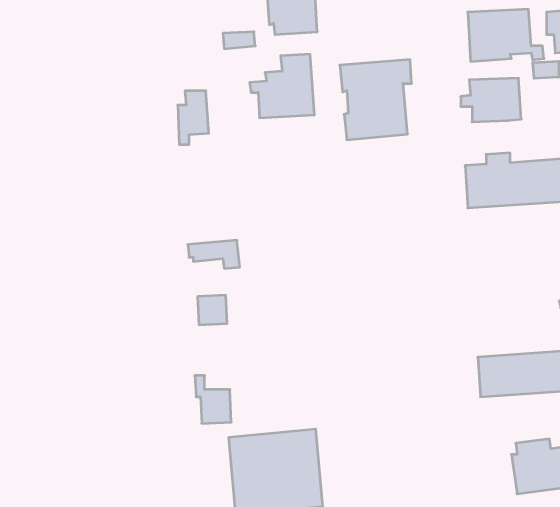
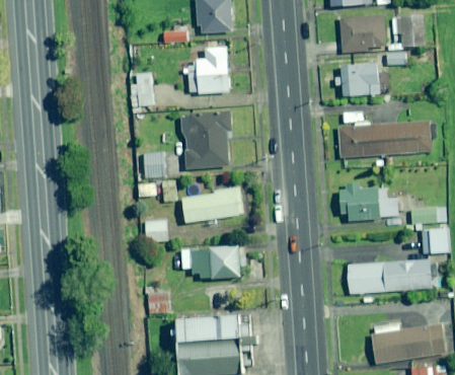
building: [340,60,412,140] -> [179,111,231,169]
building: none -> [144,152,164,176]
building: none -> [339,185,398,220]
building: none -> [182,186,243,226]
building: none -> [174,245,247,278]

